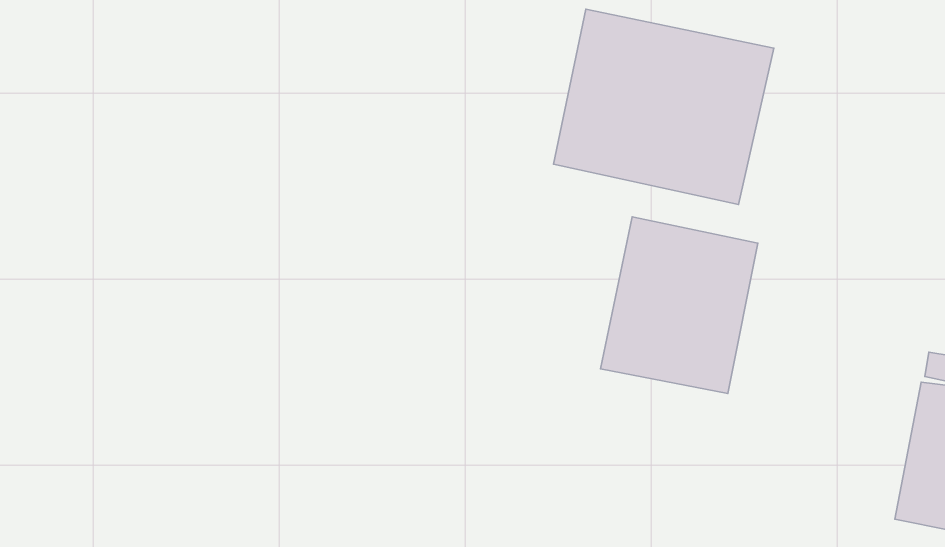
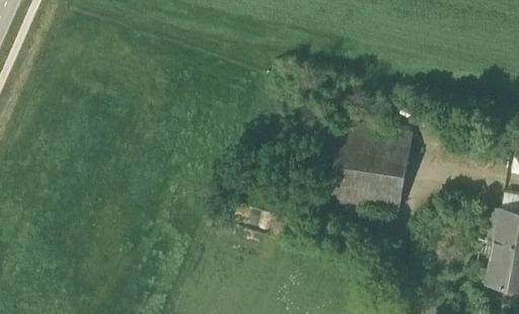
building: [553,9,774,205] -> none

